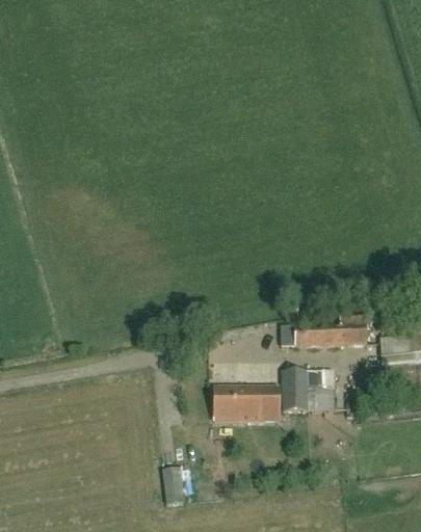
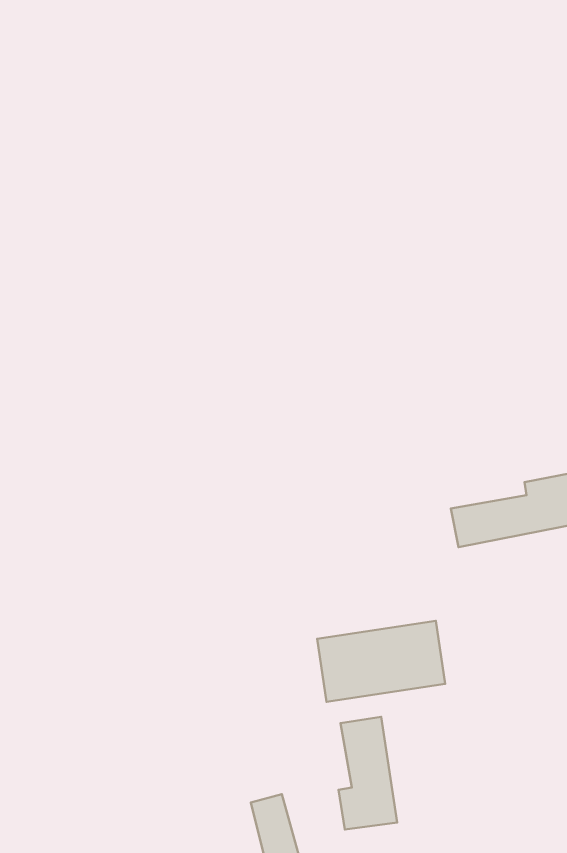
building: [282,369,333,410] -> none
building: none -> [338,717,397,829]

